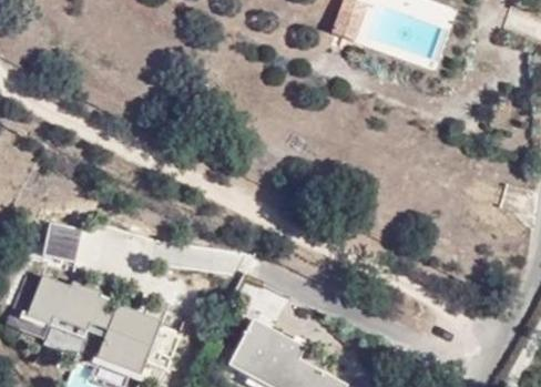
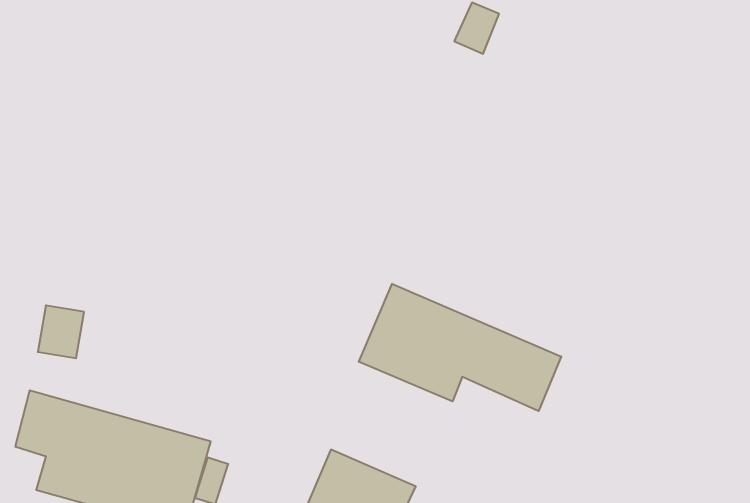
building: none -> [359,284,561,411]

